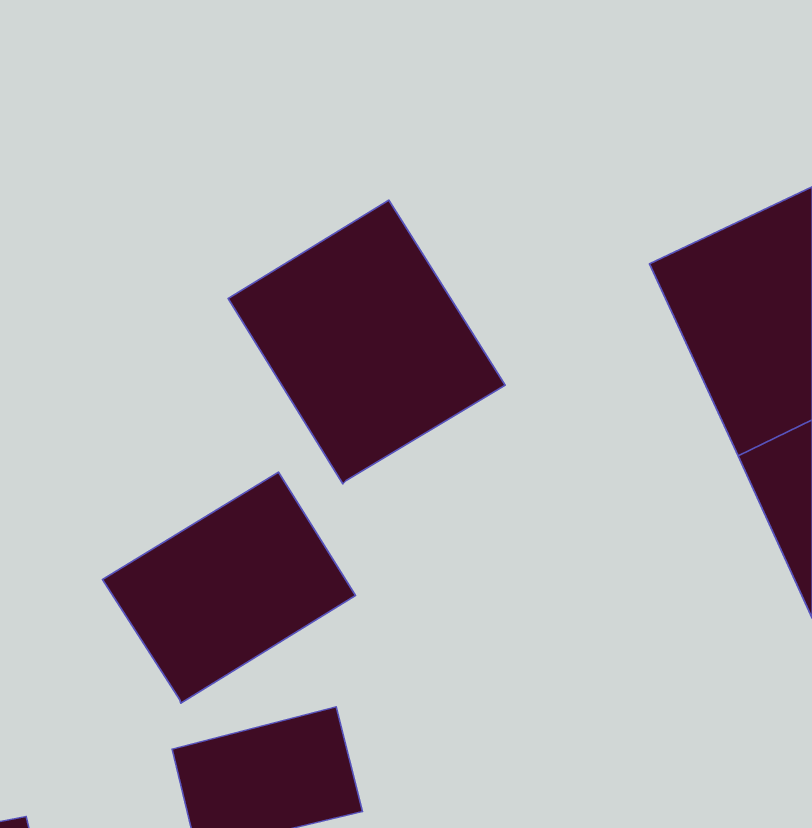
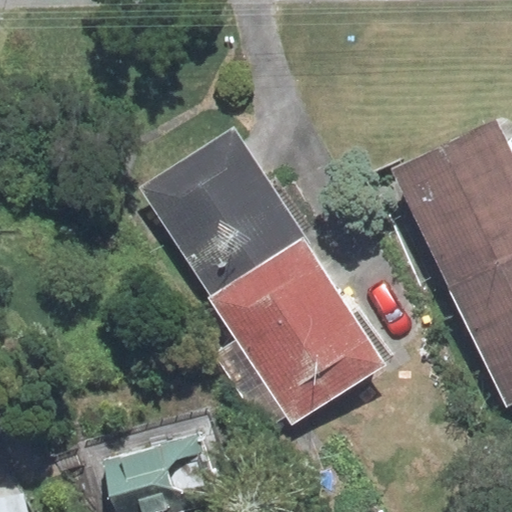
building: none -> [211,238,390,424]
building: [102,472,356,703] -> none

